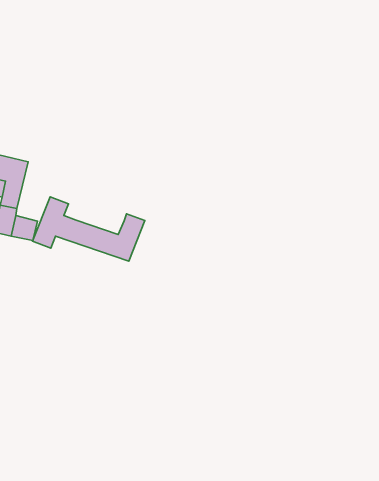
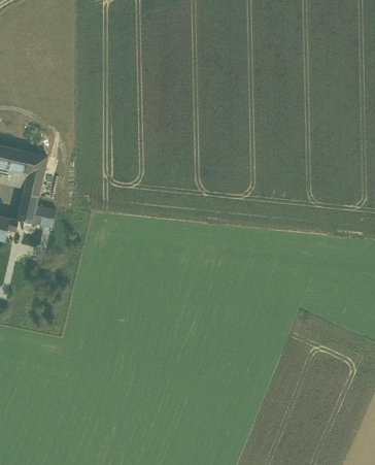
building: [33,197,145,261] -> none

